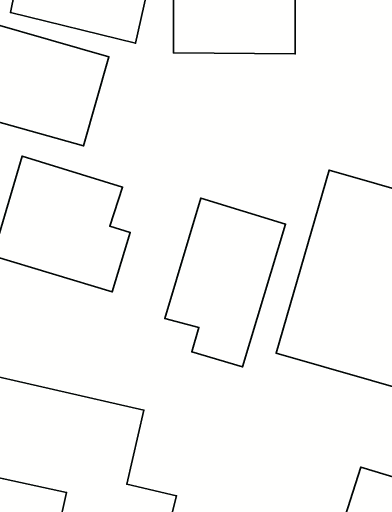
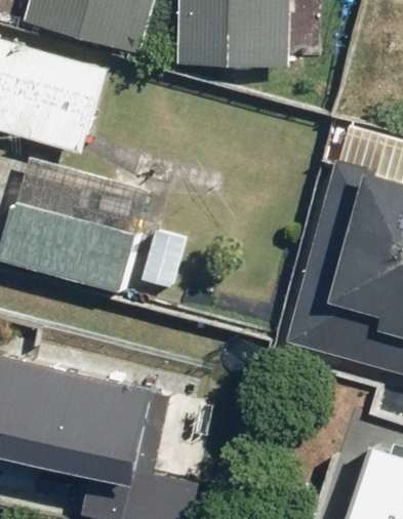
building: [165,198,285,367] -> none

